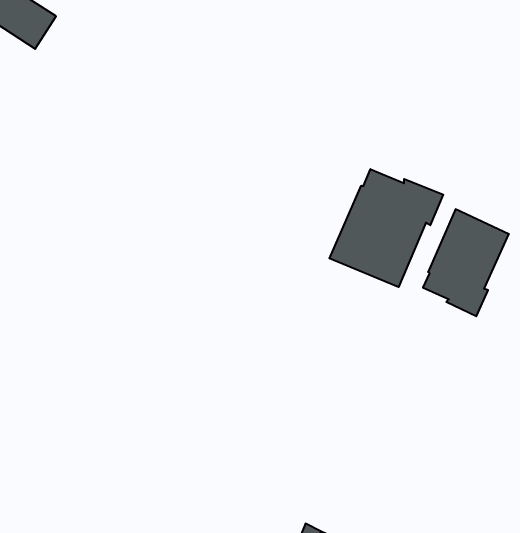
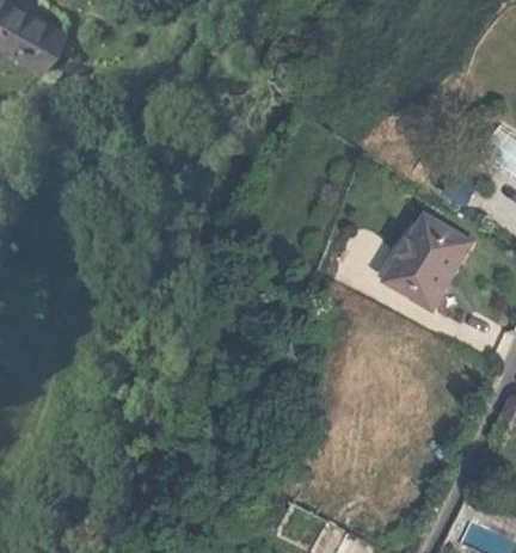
building: [329,169,443,287] -> none

